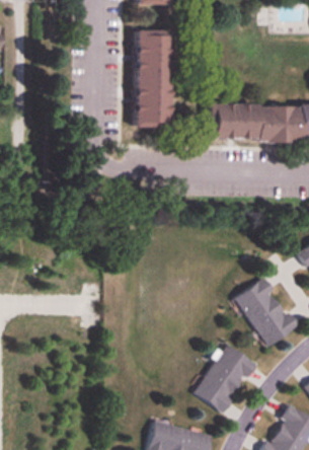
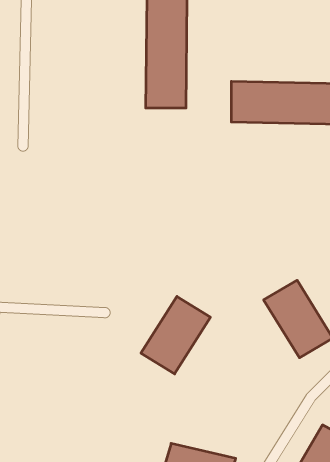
building: [196,344,256,411] -> [141,296,210,374]

